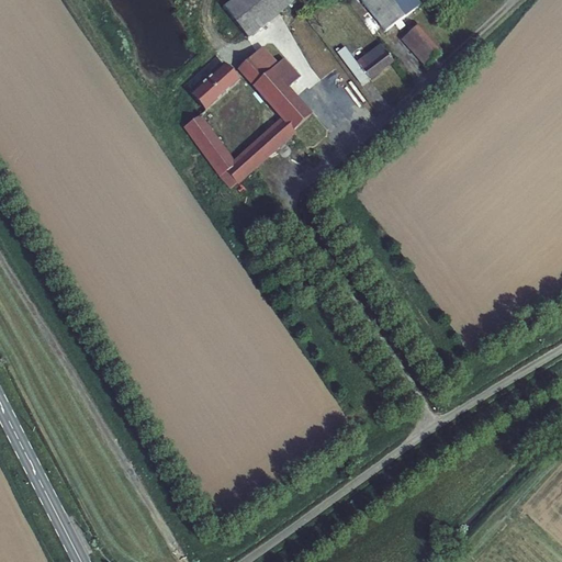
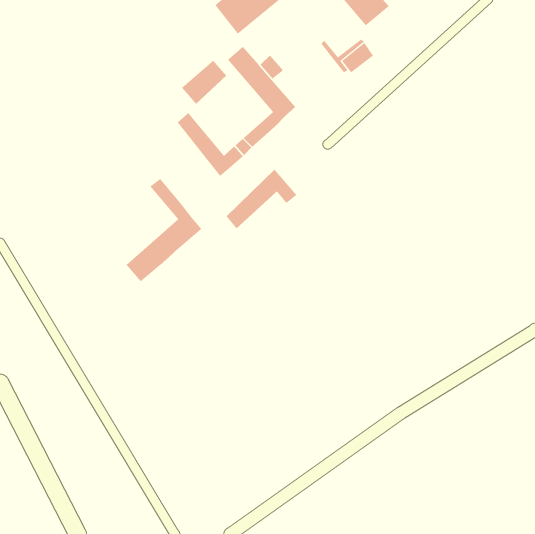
building: [403,23,441,63] -> none
building: none -> [226,169,297,229]
building: none -> [126,178,202,282]

